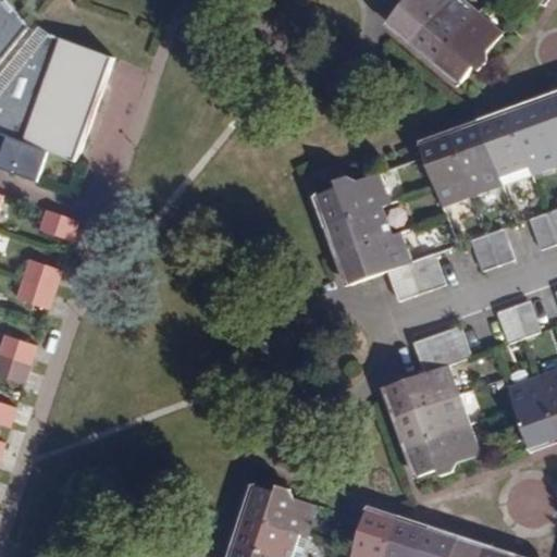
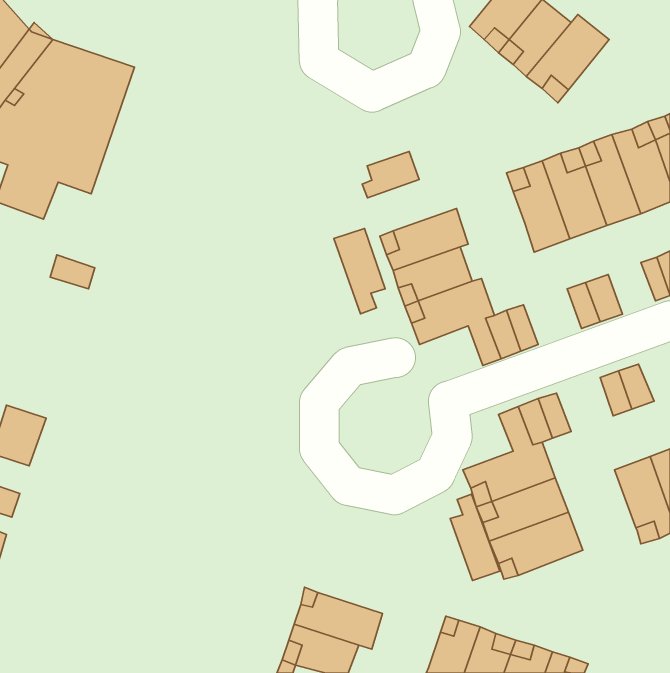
building: none -> [362,152,419,198]
building: none -> [334,228,385,314]
building: [17,259,62,308] -> none
building: none -> [450,494,500,581]

